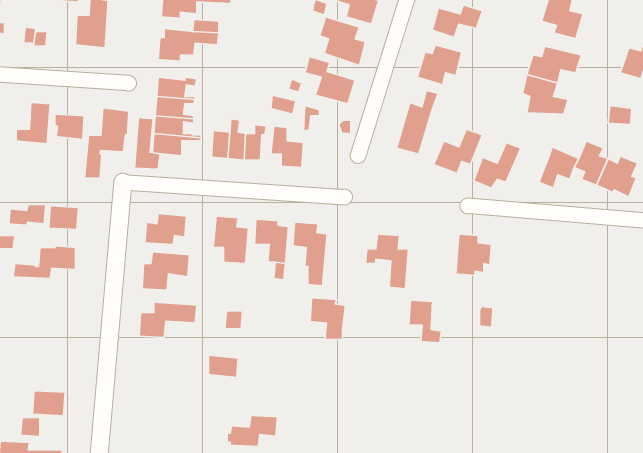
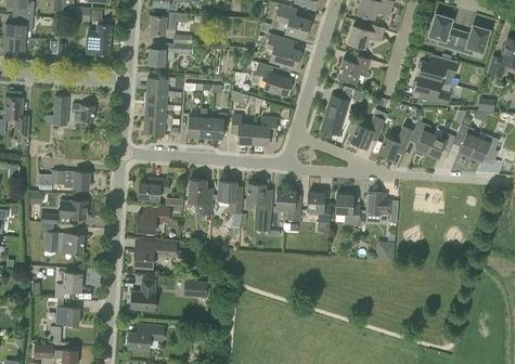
building: none -> [453,25,488,54]
building: [84,108,129,178] -> none
building: [134,118,160,169] -> none
building: none -> [253,115,276,144]
building: none -> [409,120,434,154]
building: none -> [39,224,85,255]
building: [310,298,346,339] -> [275,190,301,220]
building: [409,300,441,343] -> [335,194,359,225]
building: none -> [54,273,82,299]
building: none -> [130,280,155,310]
building: [227,415,277,446] -> [126,325,163,348]

